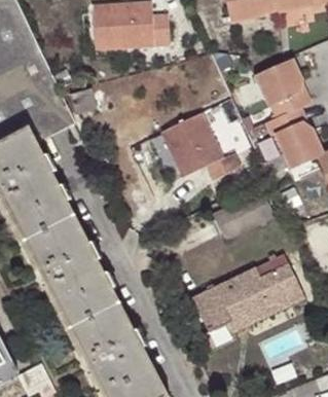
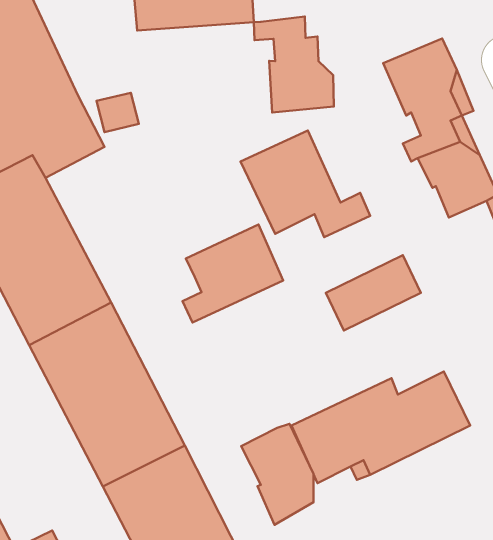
building: none -> [254,17,334,112]
building: none -> [182,225,283,322]
building: none -> [241,424,313,525]

